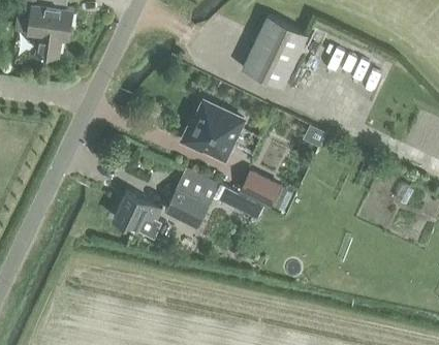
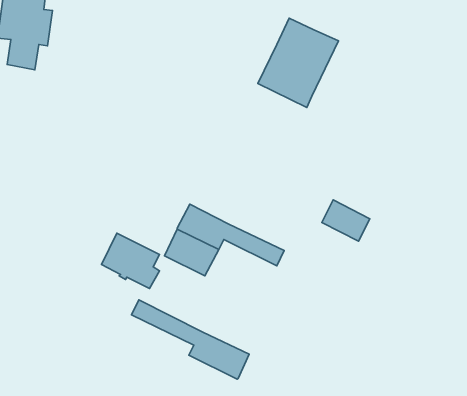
building: [182,102,243,160] -> none
building: [241,173,280,207] -> [322,200,370,241]
building: none -> [132,300,249,379]

